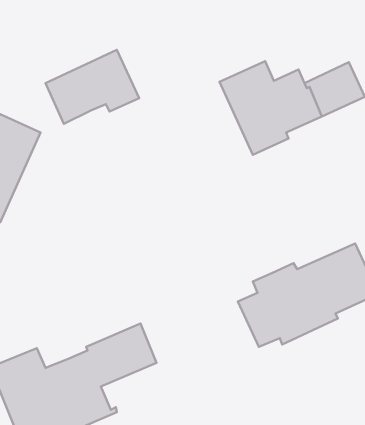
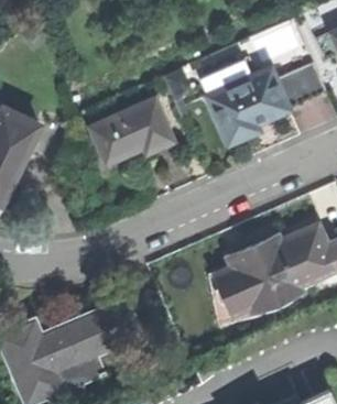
building: [45,50,139,124] -> [89,98,173,164]

